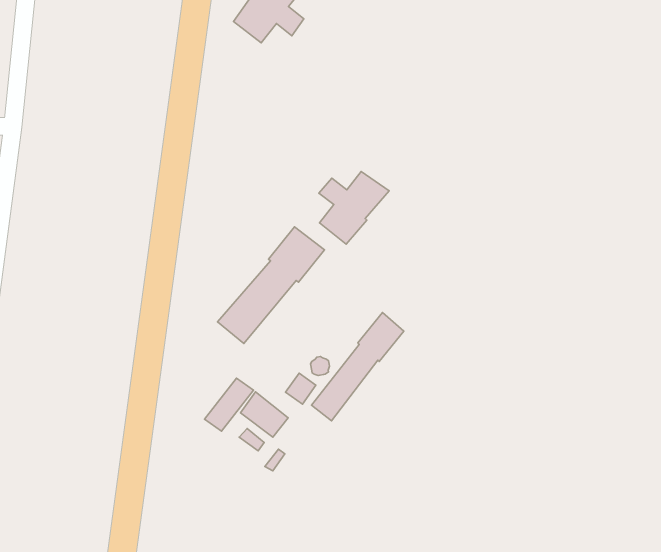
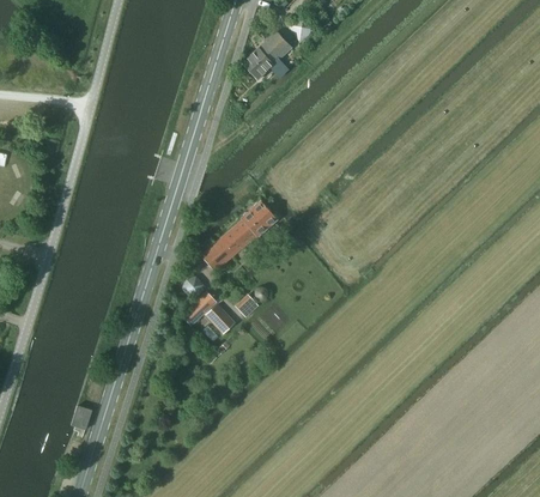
building: [319,171,389,244] -> none
building: [311,313,404,421] -> none

